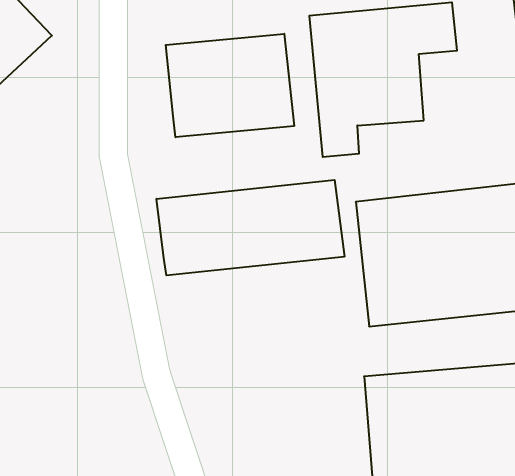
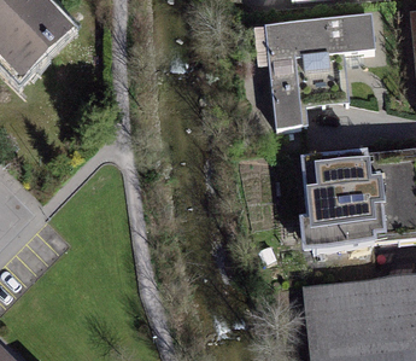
building: [166,34,294,137] -> none
building: [157,180,344,275] -> none

